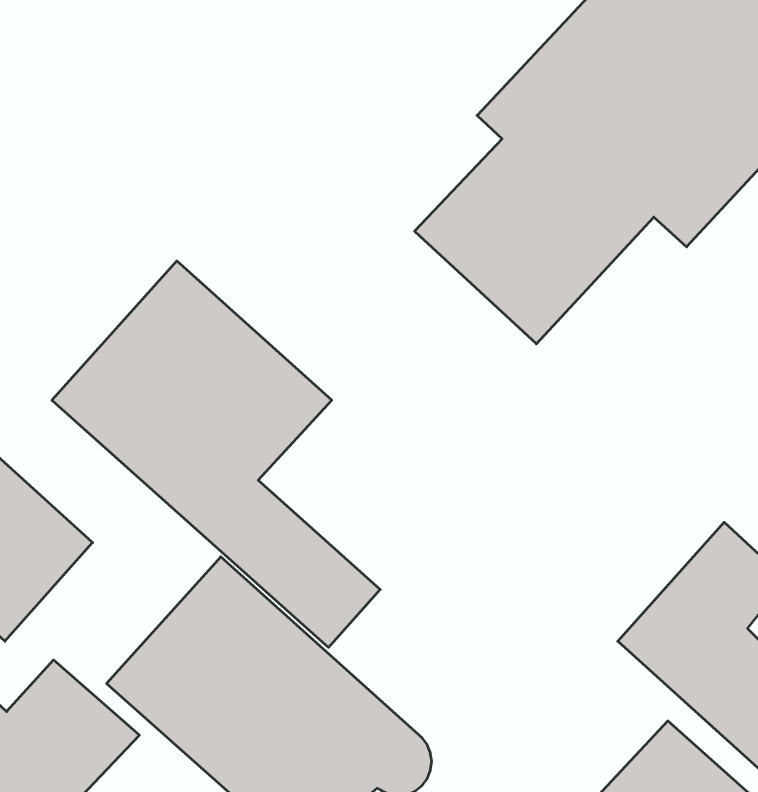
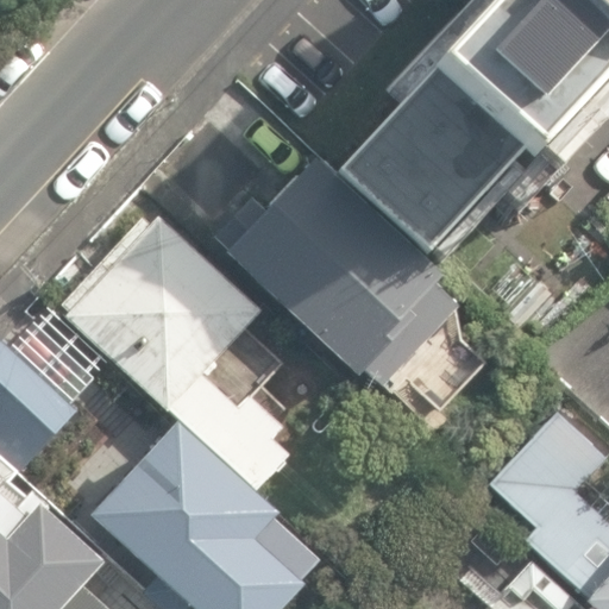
building: none -> [233,169,448,379]

